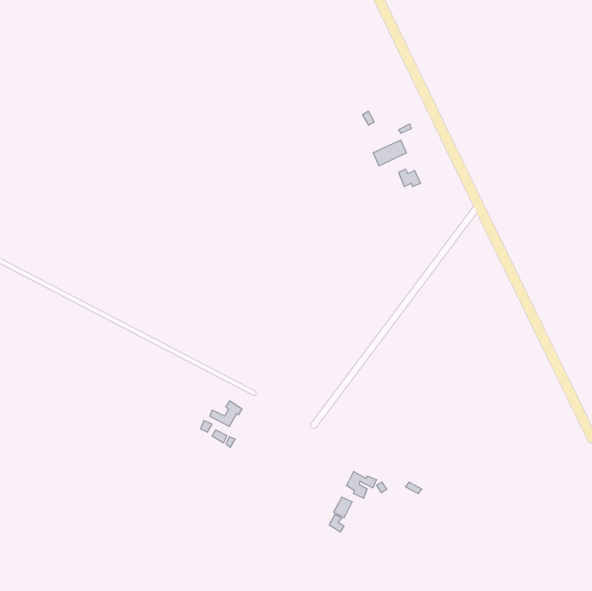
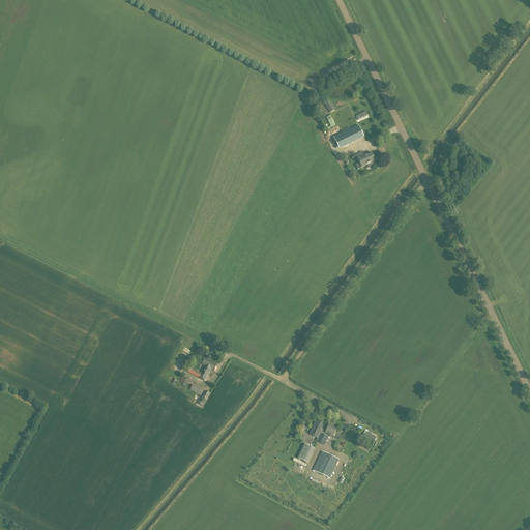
building: none -> [313,450,338,478]

